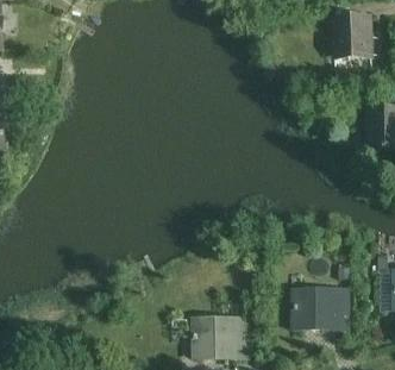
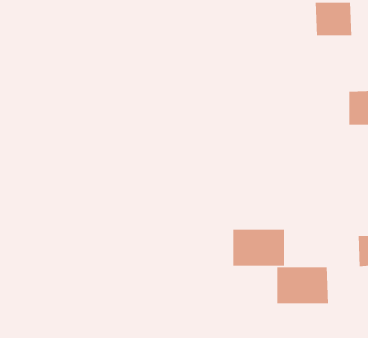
building: [192,319,245,357] -> [232,229,285,266]

